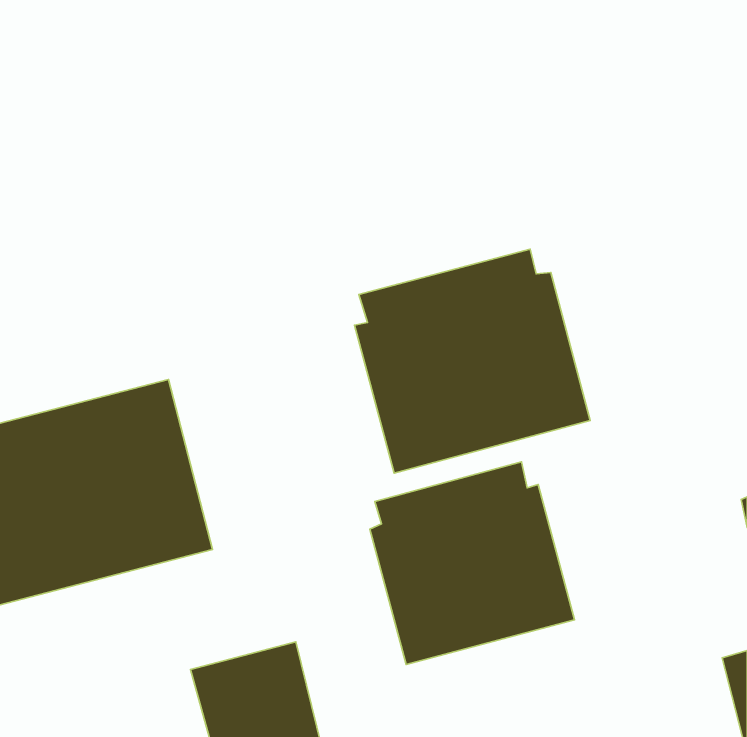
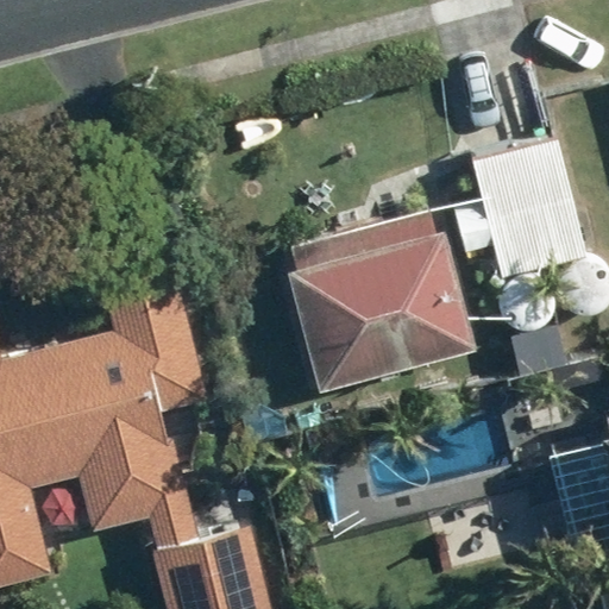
building: none -> [458,139,588,276]
building: [370,462,574,665] -> none

